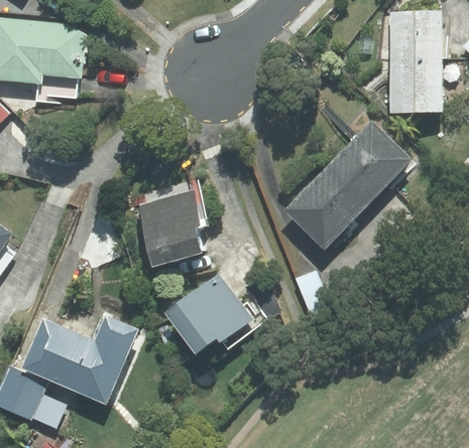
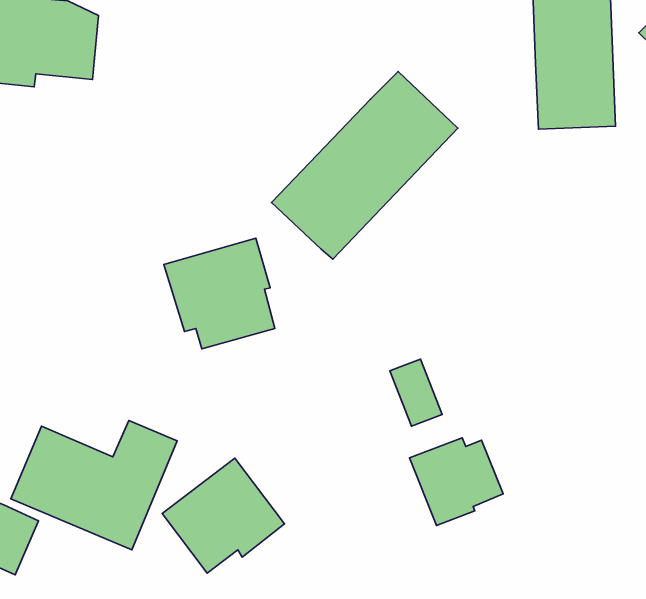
building: [283,119,413,249] -> [271,71,458,259]
building: [169,273,254,352] -> [162,458,285,573]
building: none -> [410,438,503,526]

